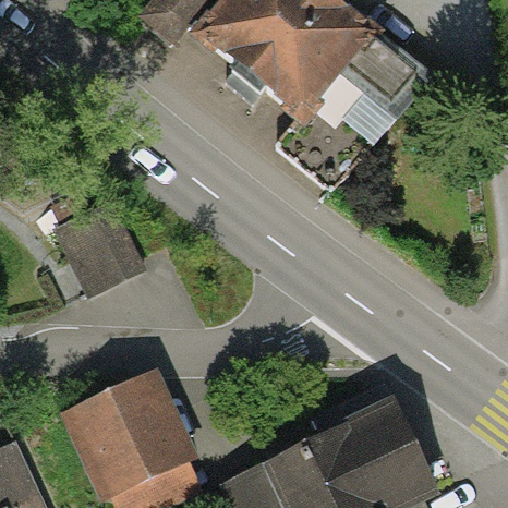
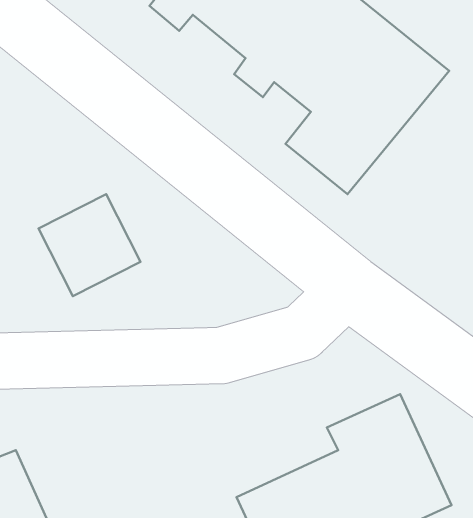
building: [75,383,185,497] -> none

